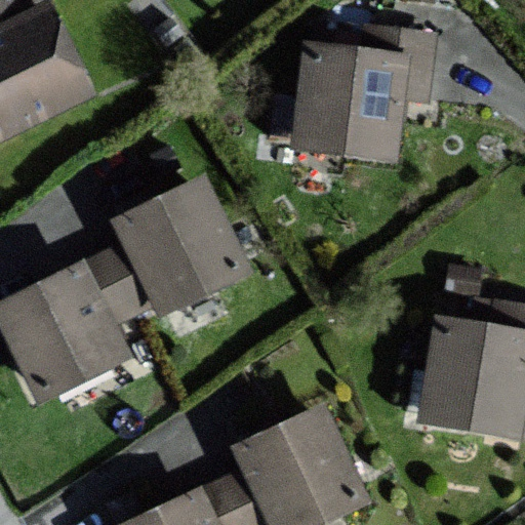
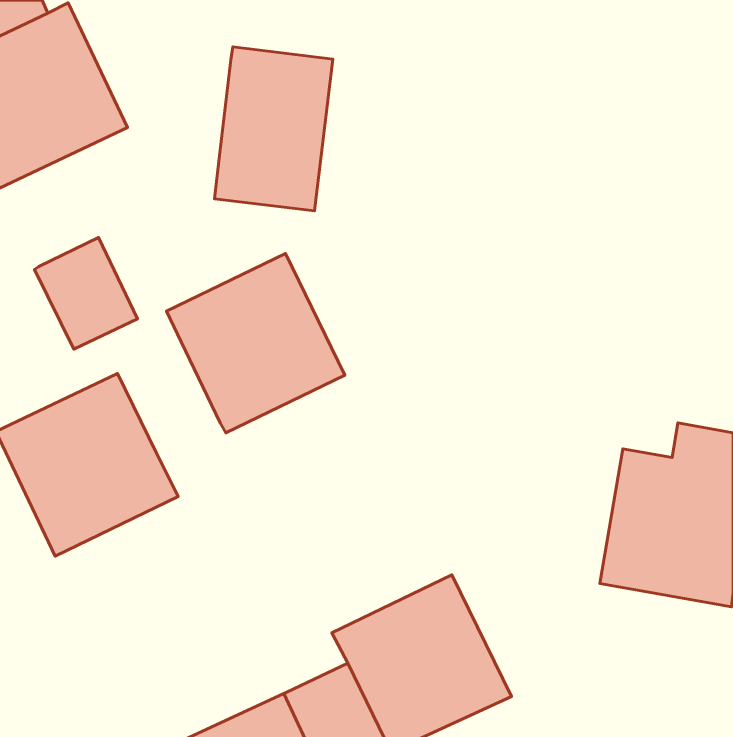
building: [295,27,433,155] -> none
building: none -> [214,47,333,211]
building: [83,244,156,323] -> [35,238,137,349]

